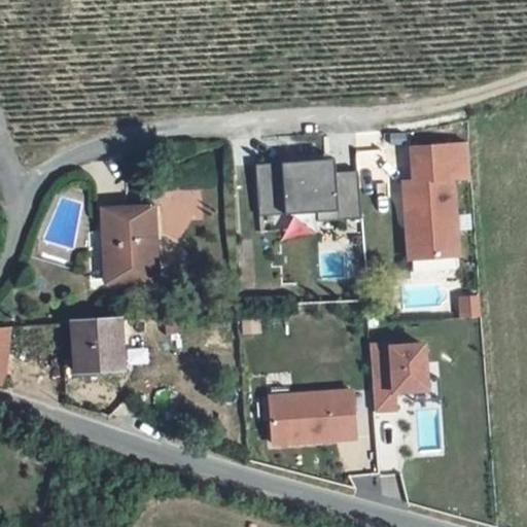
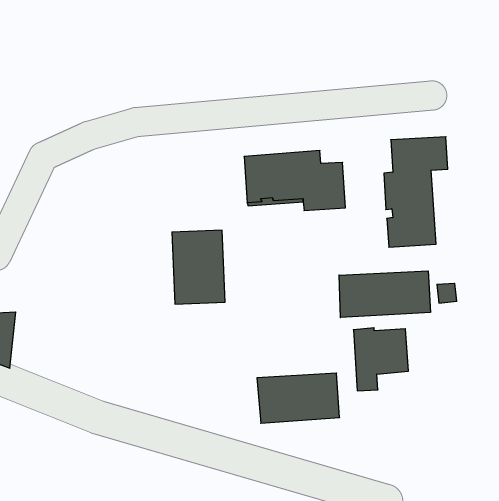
building: [103,204,159,281] -> [172,230,225,304]
building: none -> [339,271,430,318]
building: [68,319,115,374] -> none

